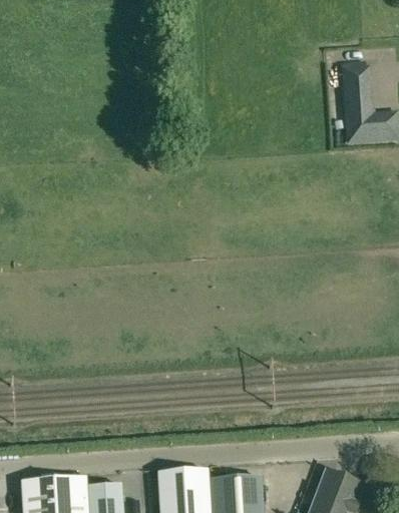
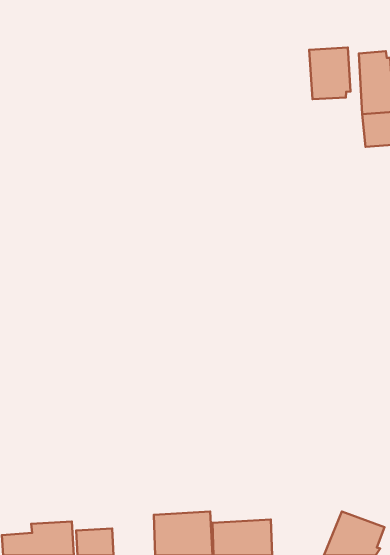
building: none -> [309,48,350,99]

